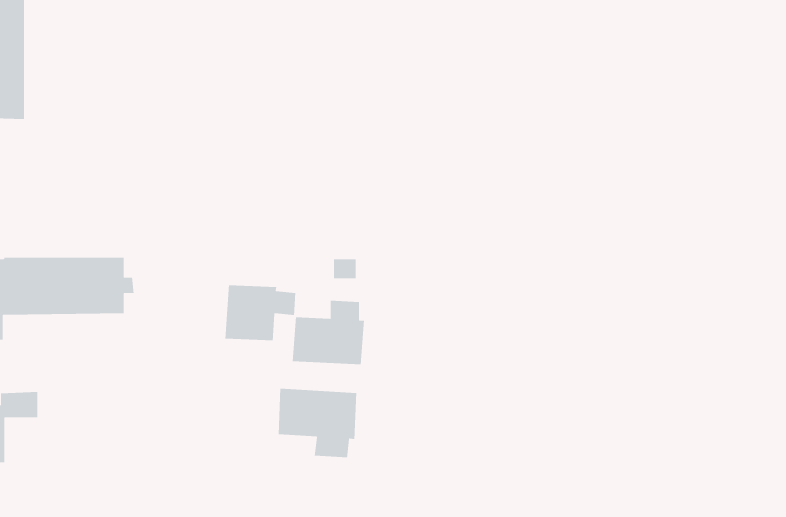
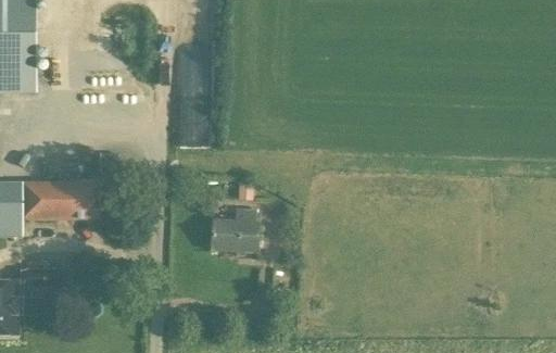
building: [225,285,296,341] -> none
building: [278,388,357,458] -> none

